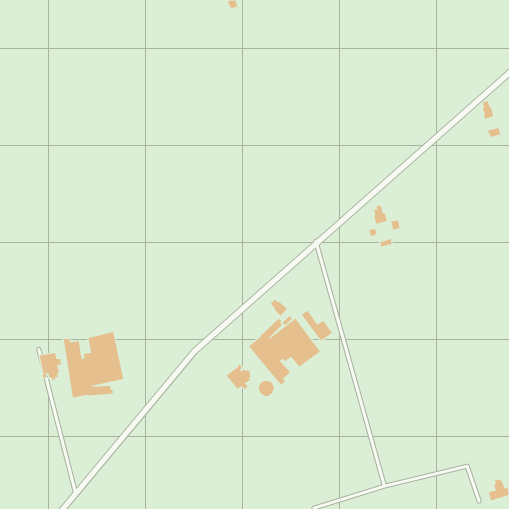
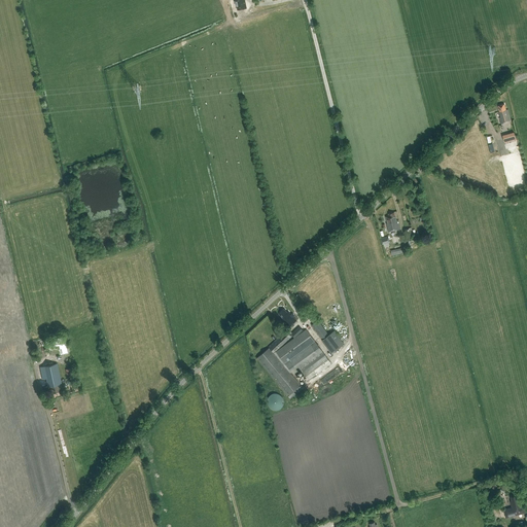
building: [63,331,124,398] -> none
building: [226,364,252,390] -> none

